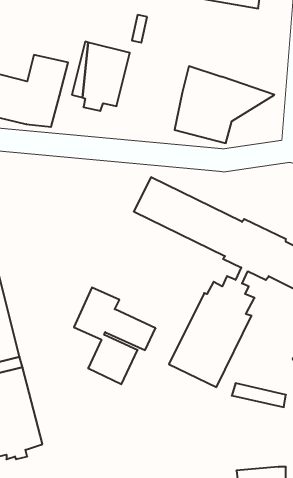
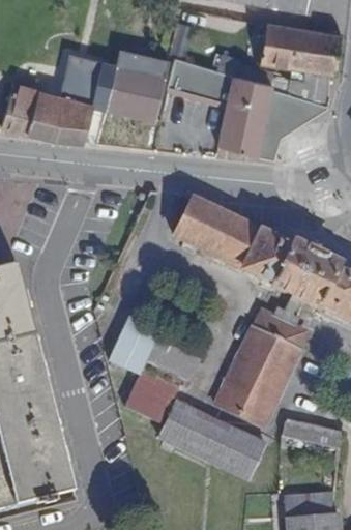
building: none -> [261,21,341,107]
building: none -> [168,56,234,105]
building: none -> [159,402,265,477]
building: none -> [284,492,333,517]

